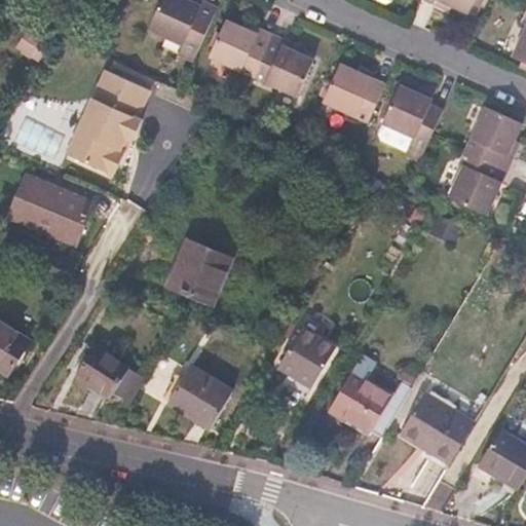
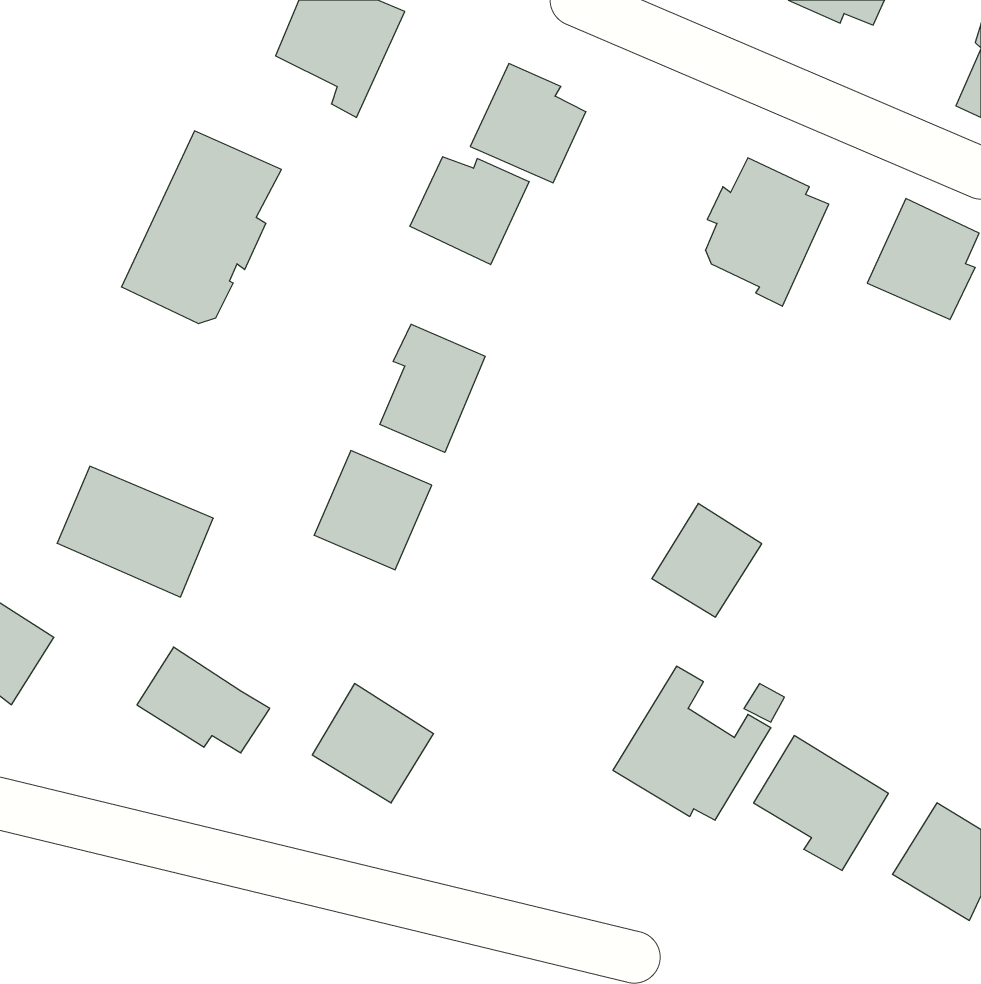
building: [208,21,271,78] -> [410,157,529,265]
building: [321,63,385,123] -> none
building: [446,151,506,216] -> none
building: none -> [380,324,485,452]
building: [8,176,91,246] -> [57,466,213,597]
building: [276,327,335,387] -> [652,503,762,617]

